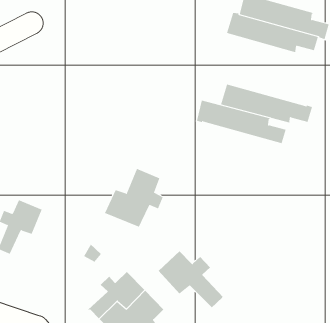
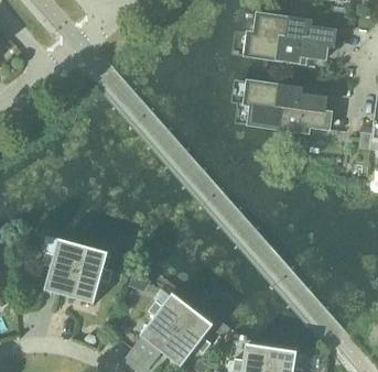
building: [196,100,287,144] -> [237,80,325,112]
building: [104,168,164,229] -> [57,245,112,304]
building: [158,251,224,308] -> none

